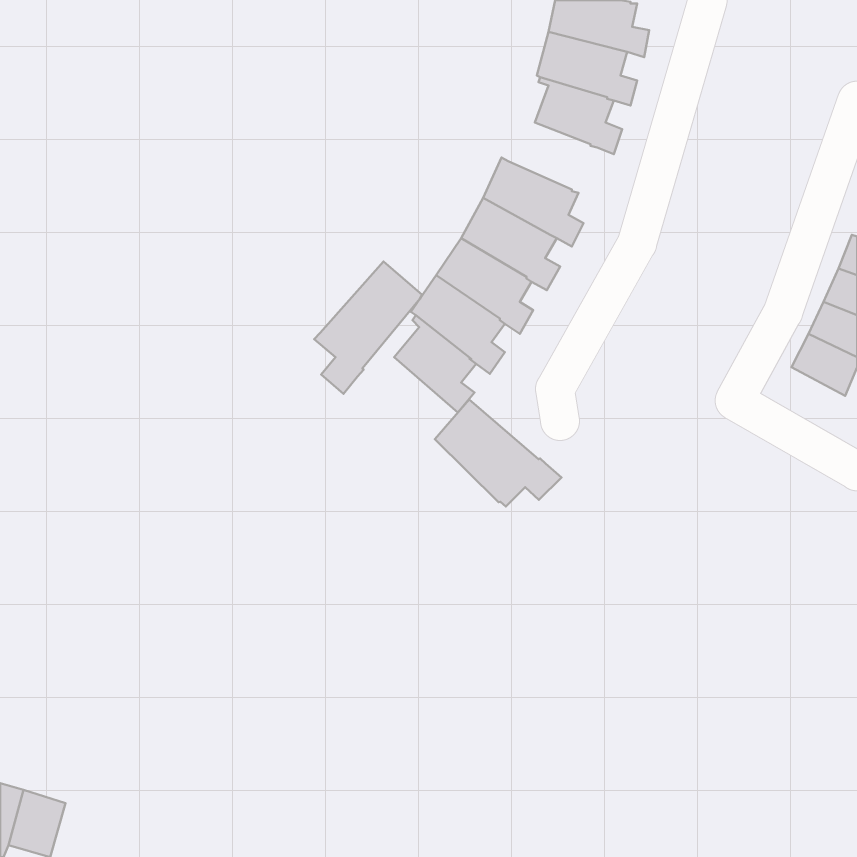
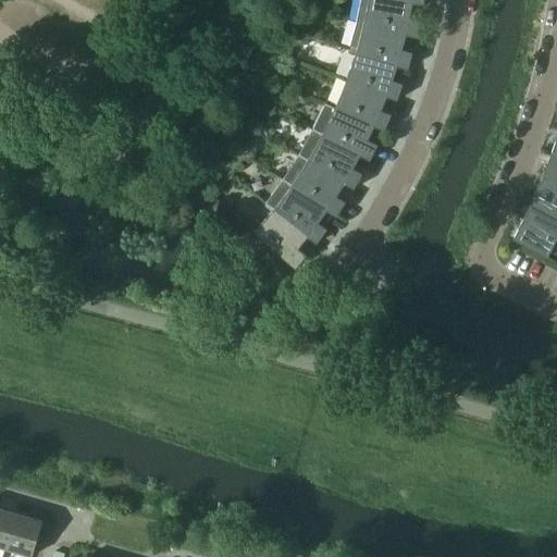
building: none -> [330,79,392,131]
building: [314,261,422,394] -> none
building: [435,399,562,506] -> none

